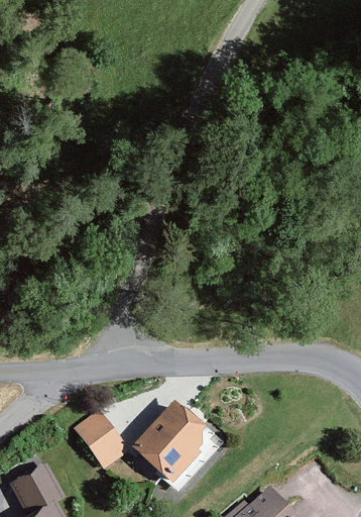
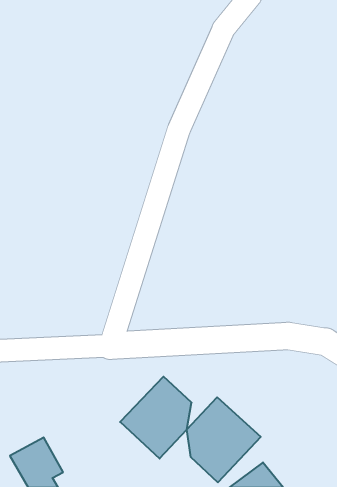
building: [72,411,129,471] -> none
building: none -> [187,397,261,482]

